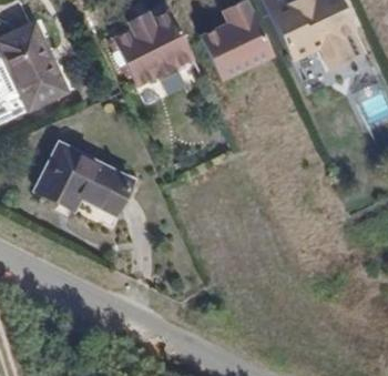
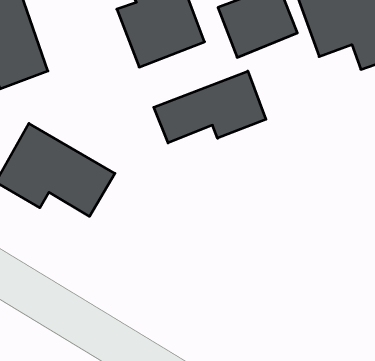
building: none -> [154,71,266,143]

